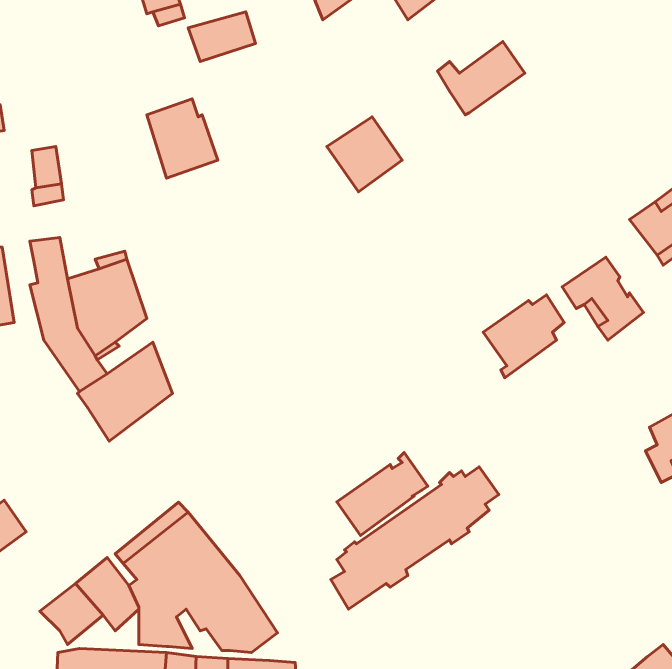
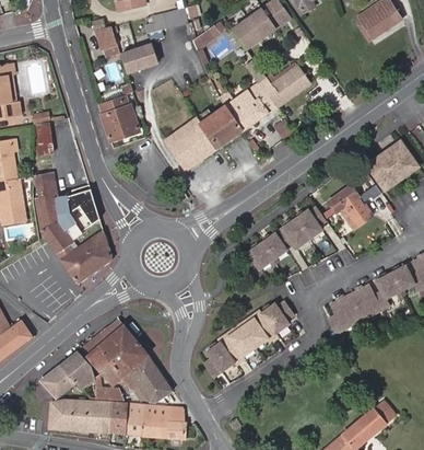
building: none -> [224,81,275,130]
building: none -> [165,117,216,169]
building: none -> [327,282,384,334]
building: [337,453,428,536] -> [248,226,298,272]

